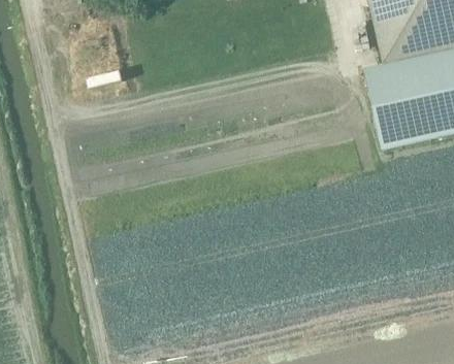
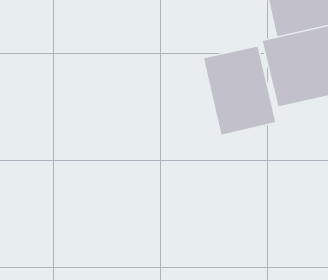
building: none -> [203,46,276,136]

